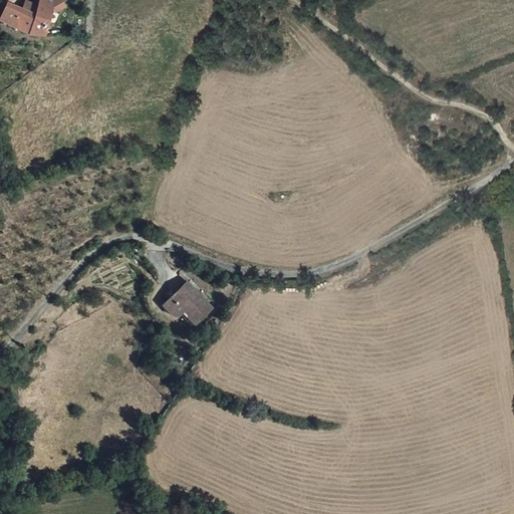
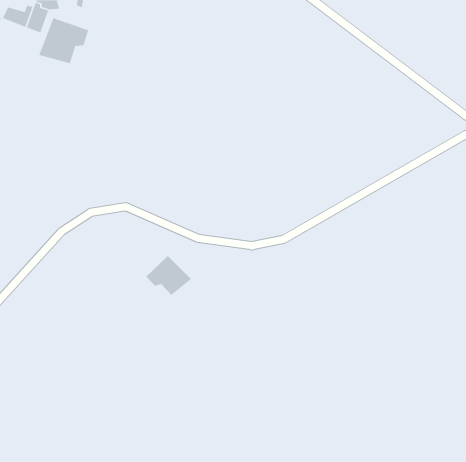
building: none -> [38,17,89,64]

